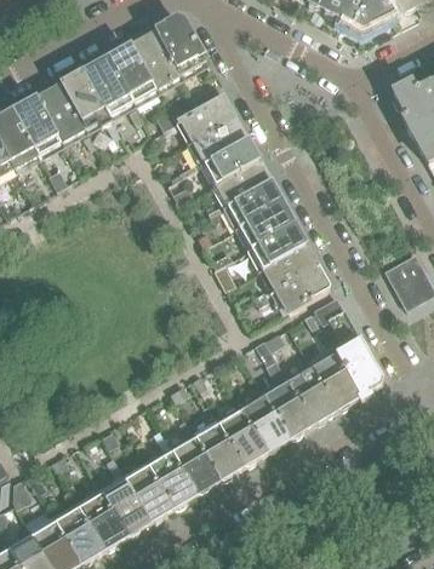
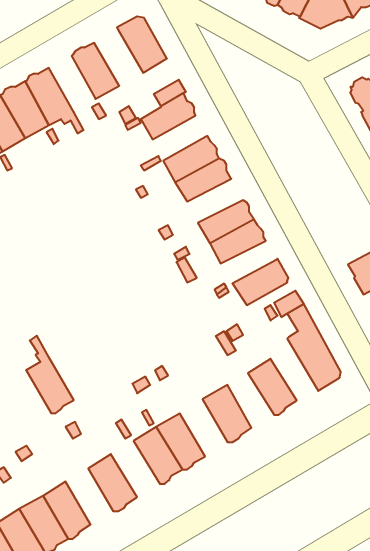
building: [131,31,181,88] -> none
building: [85,58,132,115] -> none
building: [190,119,246,165] -> none
building: [225,183,282,228] -> none
building: [259,246,316,289] -> none
building: [310,345,358,409] -> none
building: [267,380,314,436] -> none
building: [218,407,267,465] -> none
building: [148,449,198,506] -> none
building: [102,455,150,534] -> [26,336,74,413]

